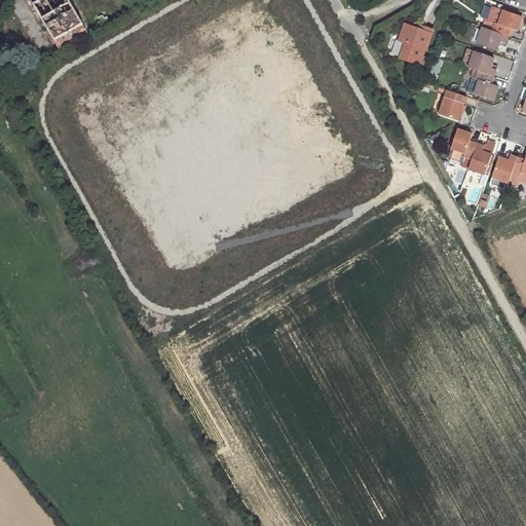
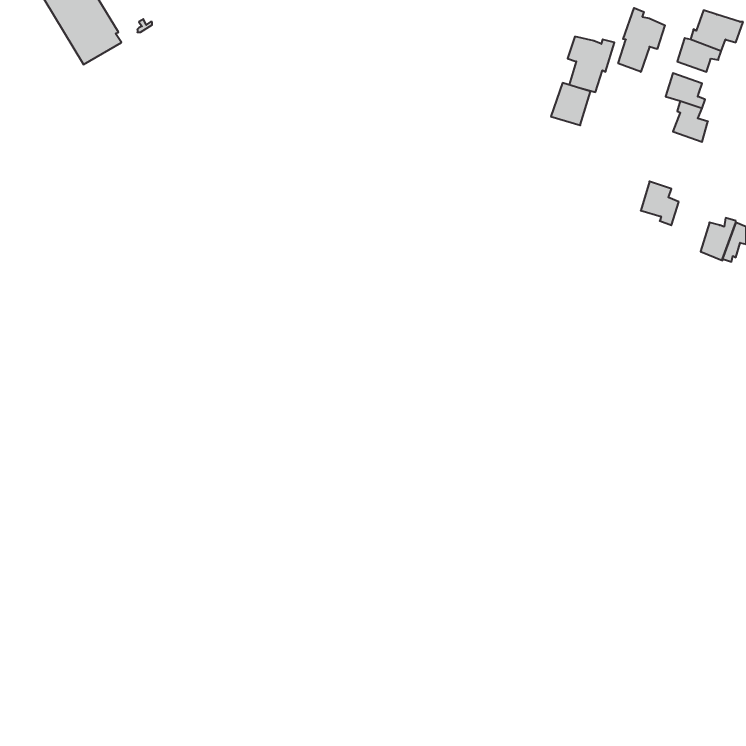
building: none -> [618,8,665,72]
building: [438,90,465,120] -> [551,83,590,125]
building: [468,141,495,174] -> none

